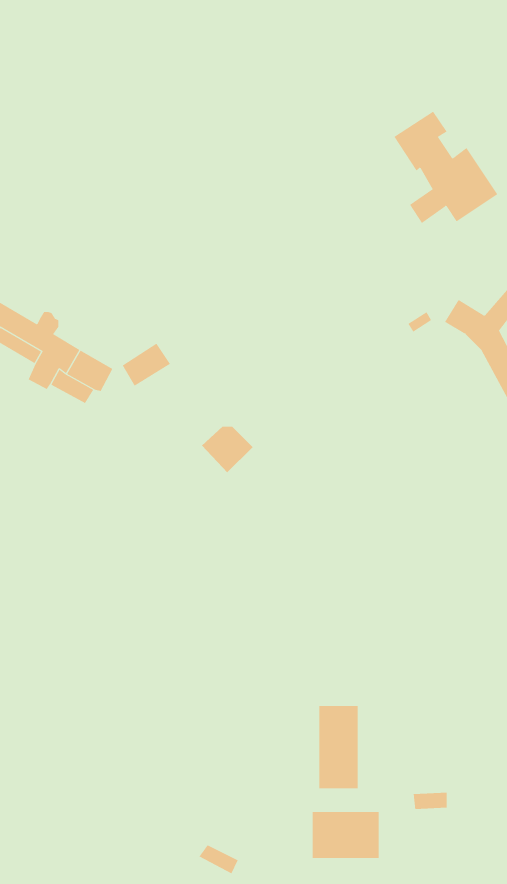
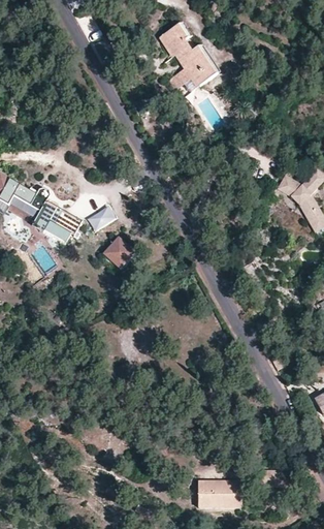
building: [394,111,498,224] -> [158,24,220,91]
building: [201,426,253,473] -> [100,240,131,268]
building: [319,705,358,789] -> none

